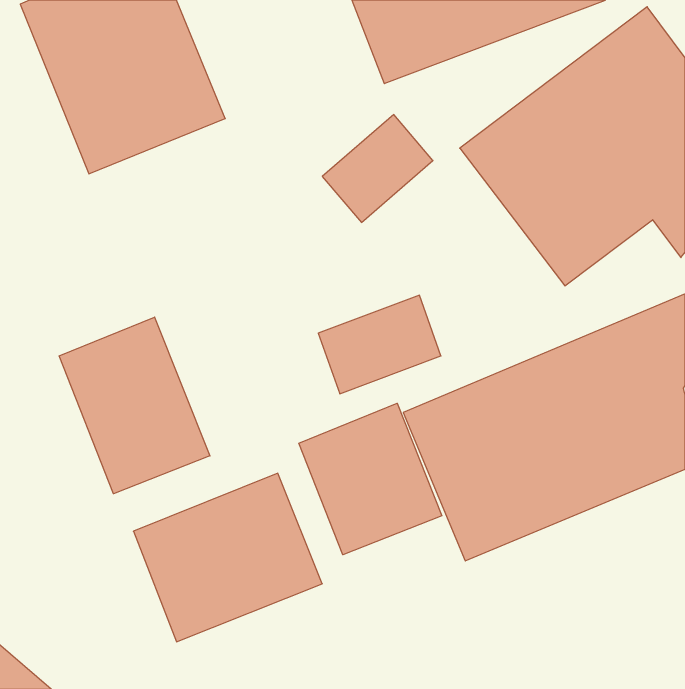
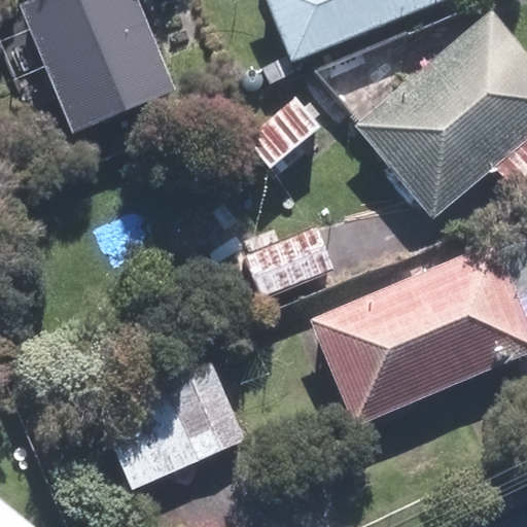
building: [59,317,210,494] -> none
building: [299,403,442,555] -> none

